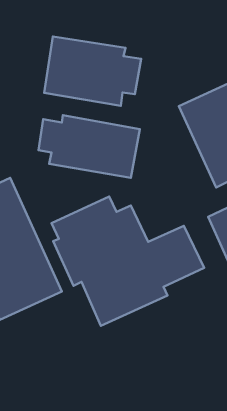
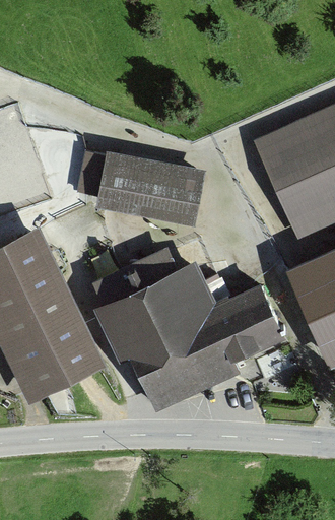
building: [44,37,141,106] -> none

